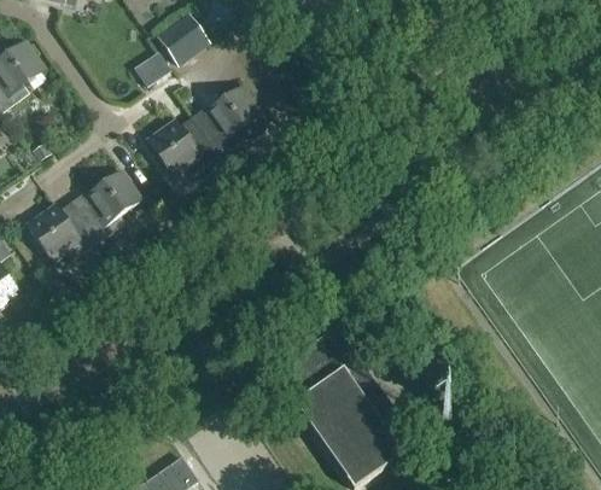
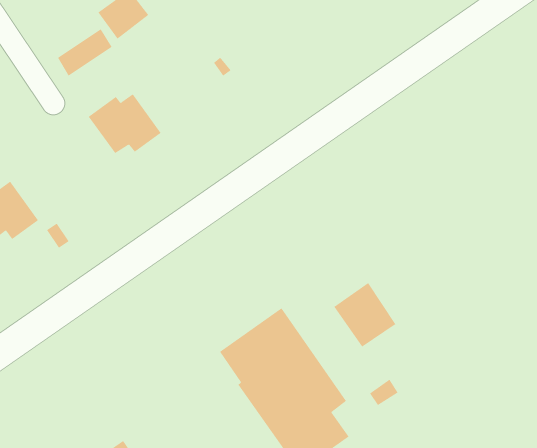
building: [191,87,268,156] -> none
building: [70,171,141,241] -> none
building: none -> [334,282,396,347]

